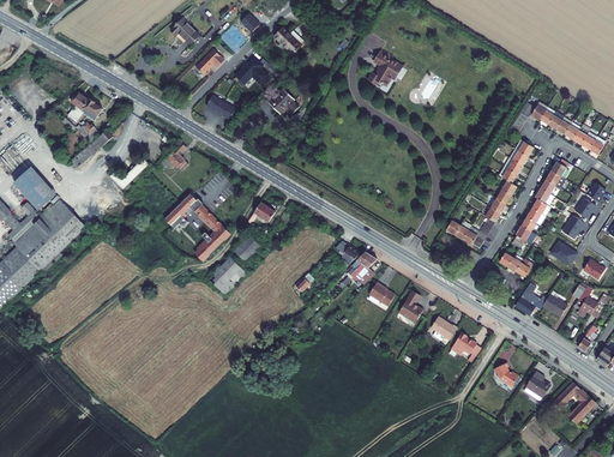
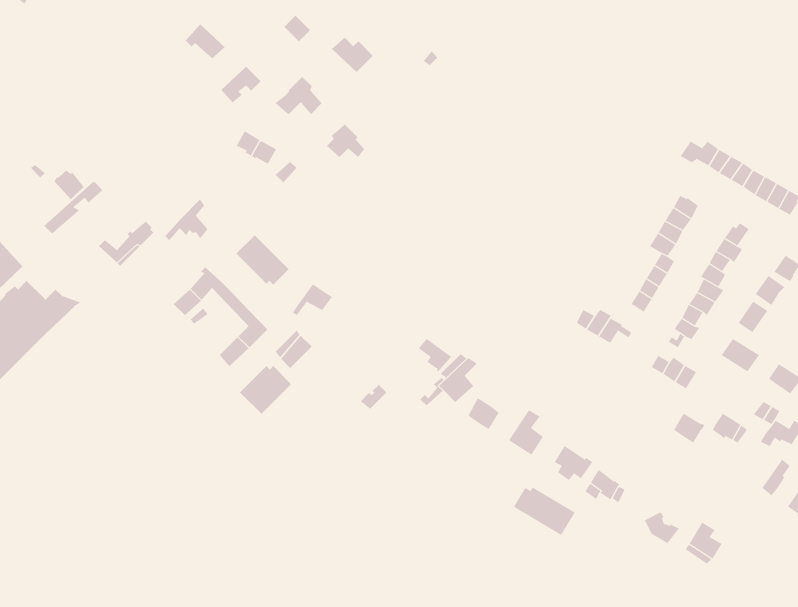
building: [367,49,401,85] -> none
building: [67,94,102,122] -> none
building: none -> [236,234,290,285]
building: none -> [513,487,575,536]
building: [549,384,591,423] -> none

